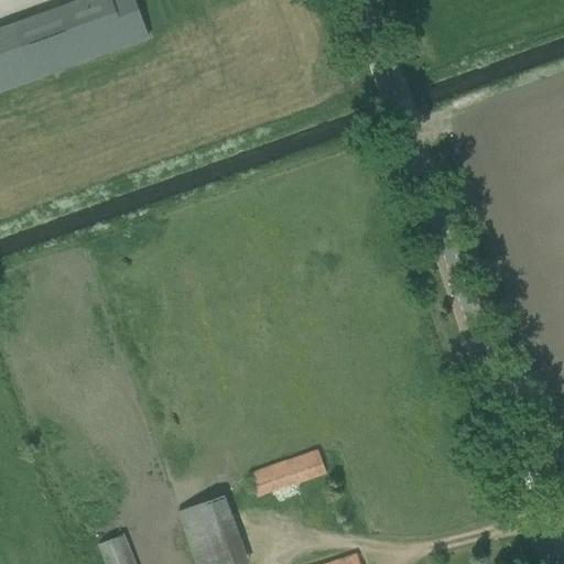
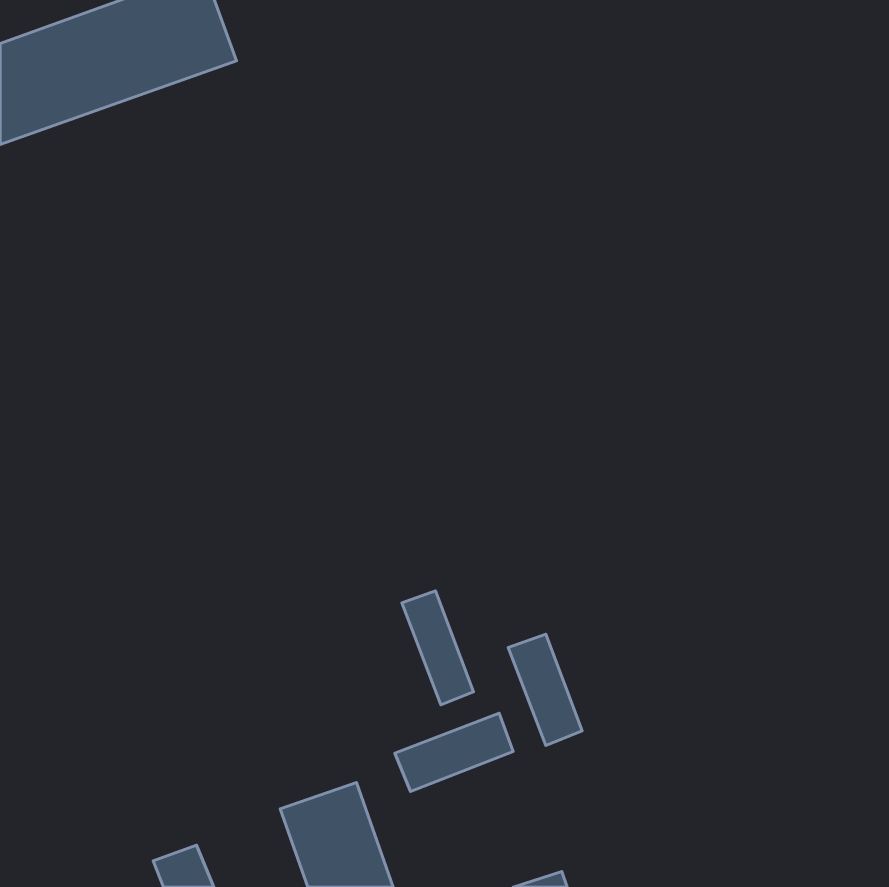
building: none -> [402,591,474,705]
building: none -> [508,634,582,745]

